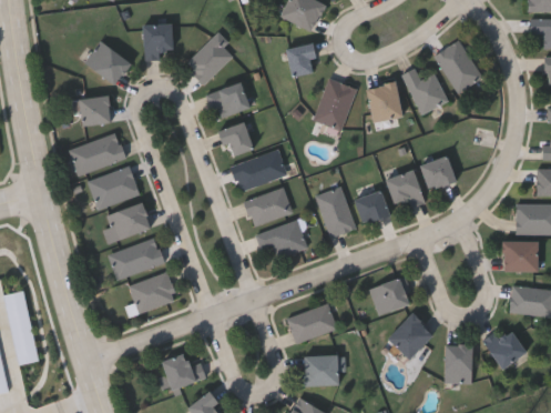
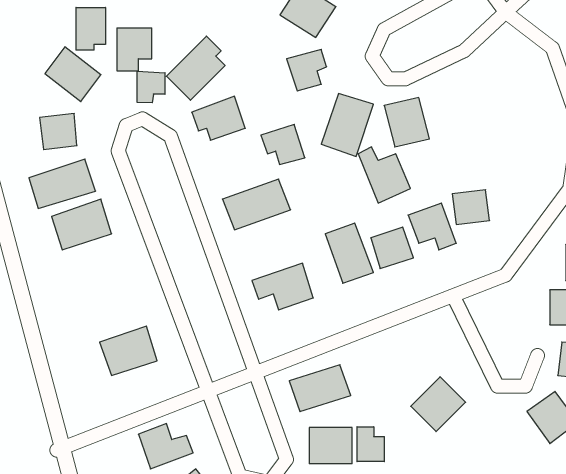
building: none -> [76,7,105,50]
building: [435,40,482,93] -> none
building: none -> [137,71,165,103]
building: [404,68,447,114] -> [358,147,410,203]
building: [216,122,253,155] -> [261,124,305,164]
building: [244,188,292,226] -> none
building: [106,203,150,241] -> none
building: [108,240,163,279] -> none
building: [369,278,410,315] -> none
building: [443,345,471,383] -> none
building: none -> [357,427,384,462]

